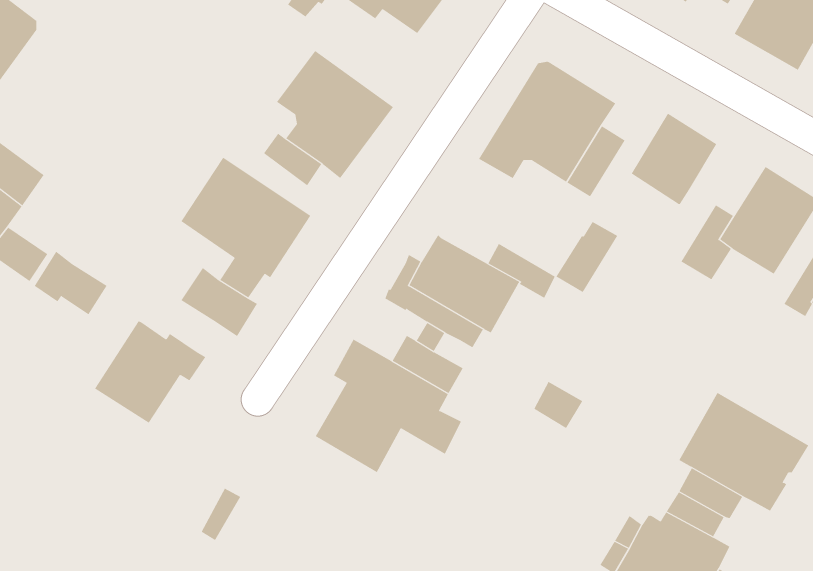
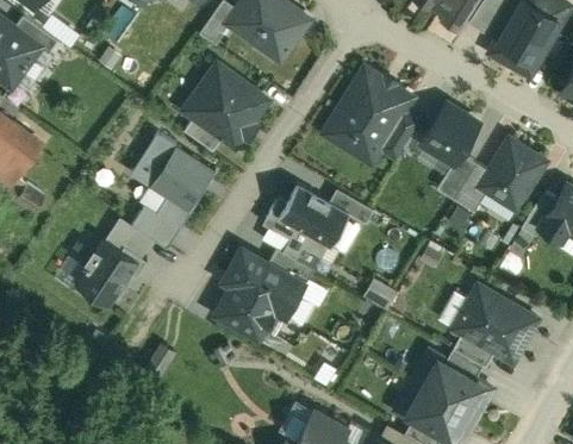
building: [556,221,618,293] -> [437,154,478,200]
building: [34,251,107,315] -> [106,217,154,258]

